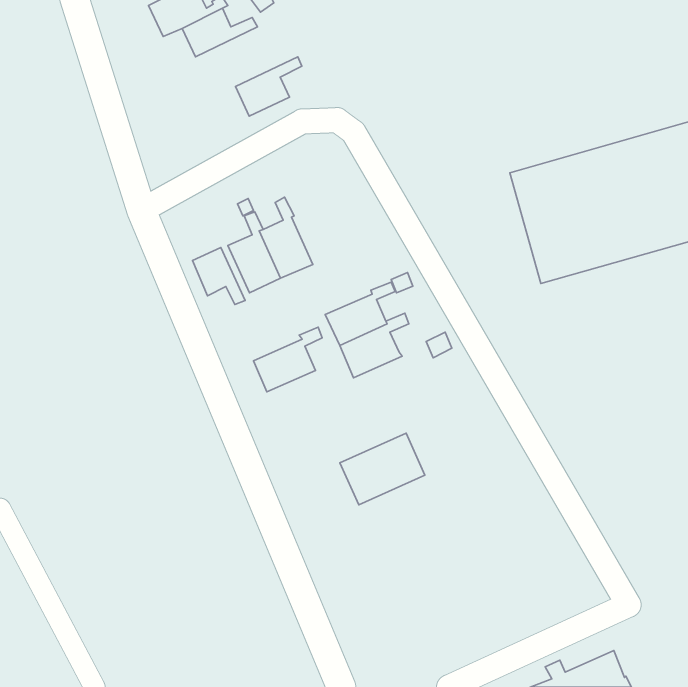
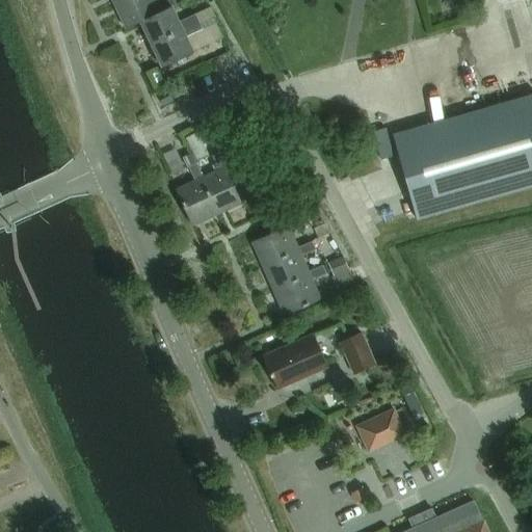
building: [236,57,302,116] -> [152,21,203,66]
building: [192,248,245,304] -> none
building: [253,327,322,392] -> [273,265,326,315]
building: none -> [340,332,375,374]
building: none -> [362,404,413,448]

